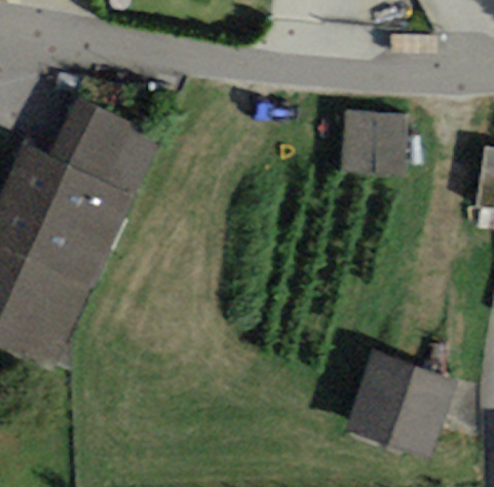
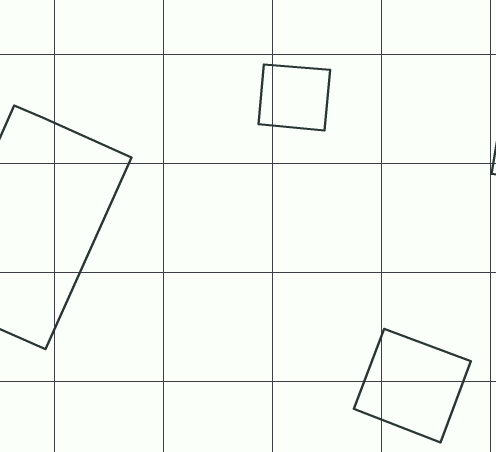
building: [50,98,159,190] -> none
building: [338,111,406,174] -> [258,65,330,131]

